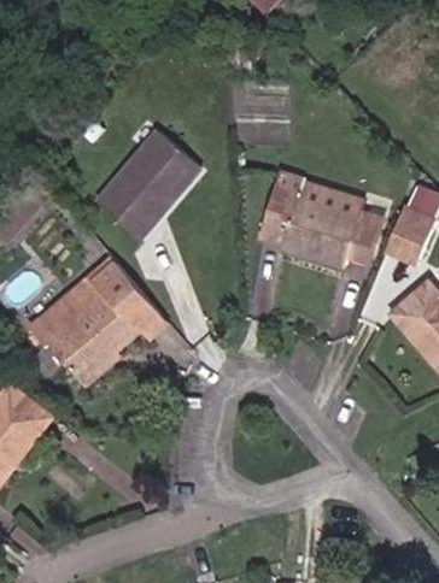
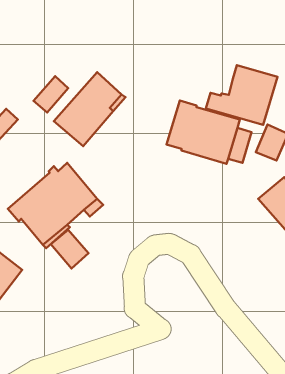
building: none -> [206,65,278,125]
building: none -> [34,76,68,112]
building: none -> [51,230,89,268]

